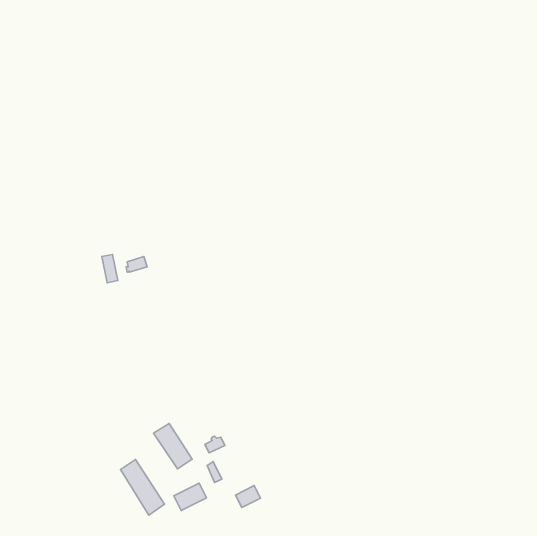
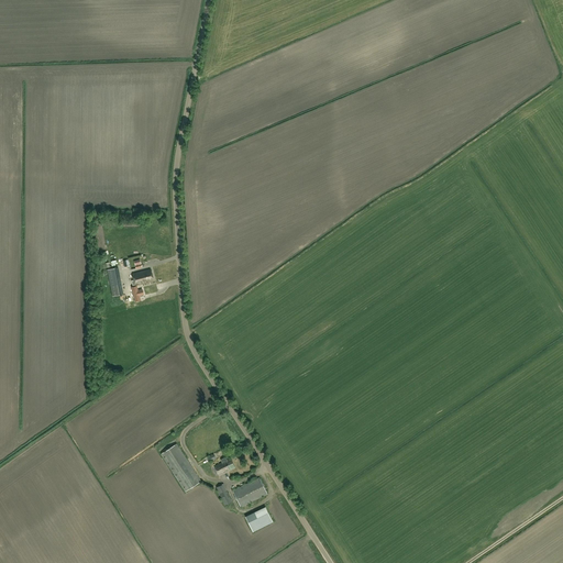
building: [120,459,164,515] -> none
building: [174,483,206,510] -> [233,477,267,506]

